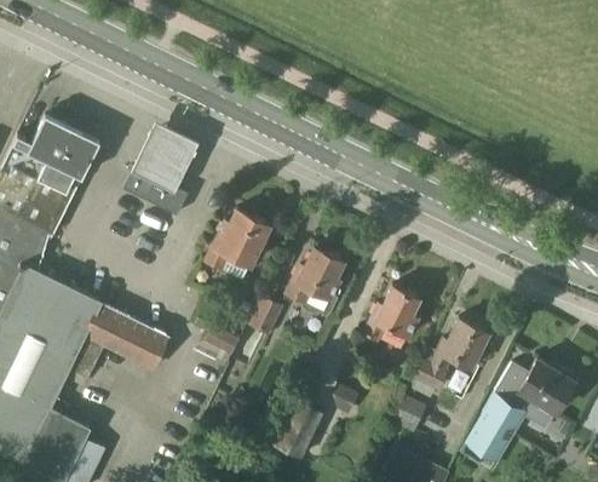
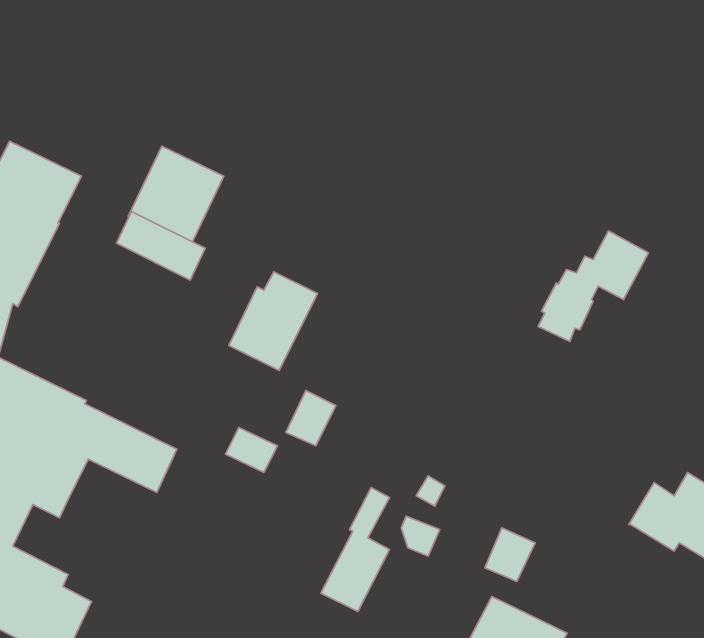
building: [283,248,343,312] -> none
building: [363,287,419,340] -> none
building: [408,320,488,400] -> [538,231,649,341]
building: [465,392,527,463] -> none

